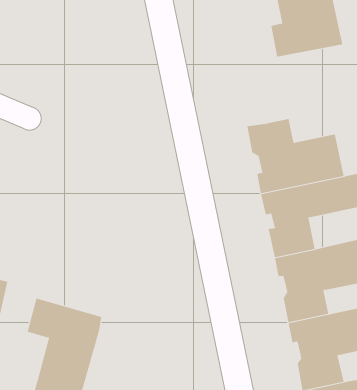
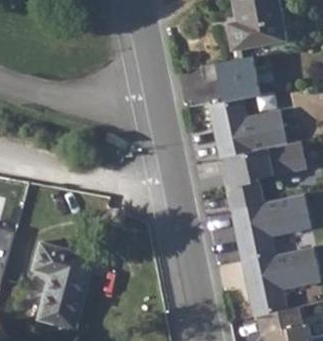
building: none -> [202,55,262,103]

